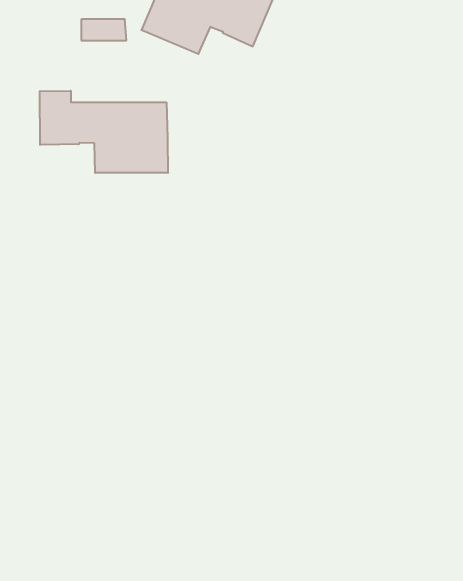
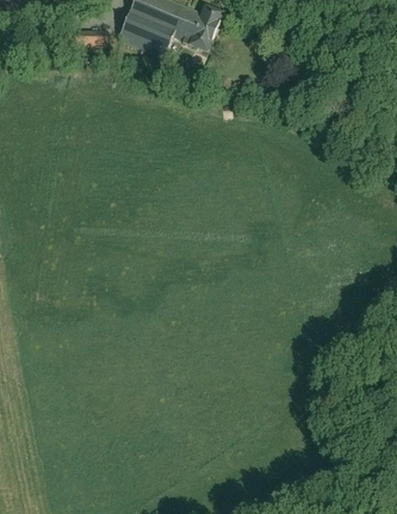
building: [40,91,168,173] -> none

